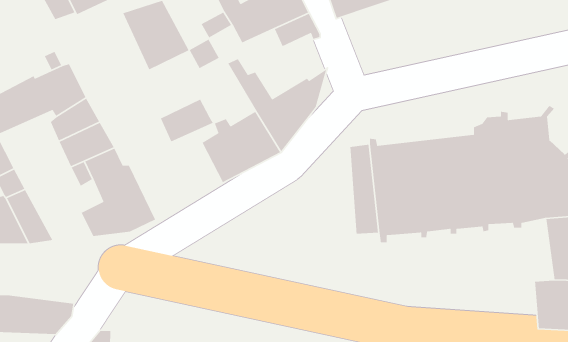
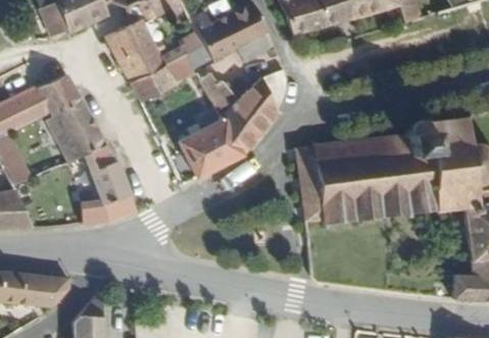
building: [160,99,214,143] -> [134,66,179,103]

